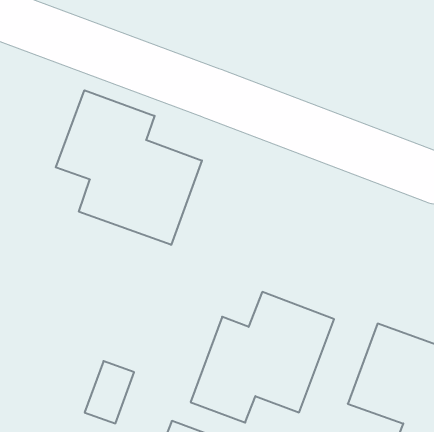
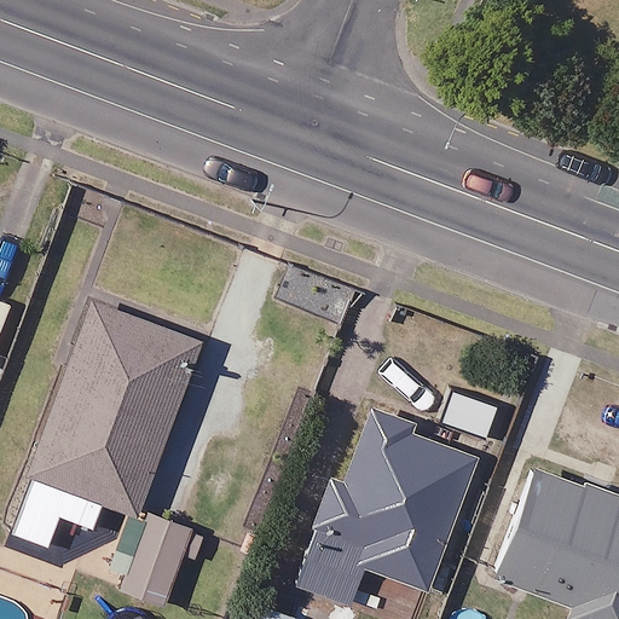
building: [56,90,202,245] -> none
building: none -> [18,303,202,549]

